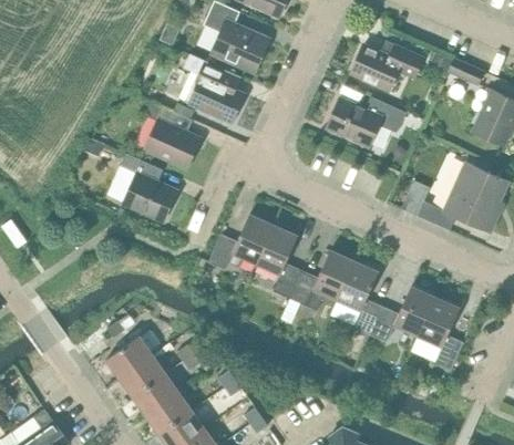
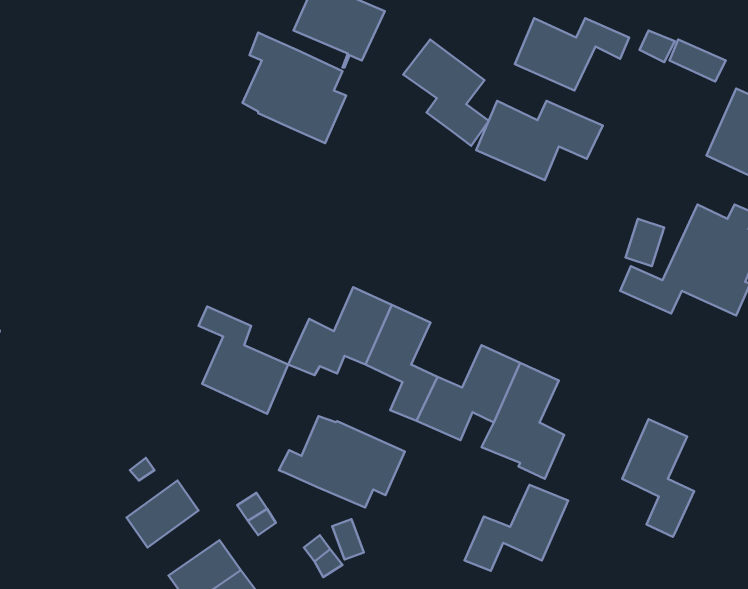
building: none -> [403,39,489,146]
building: [145,103,201,169] -> none
building: [121,155,177,222] -> [199,307,288,414]
building: [370,288,435,342] -> [464,485,568,571]
building: none -> [279,416,405,508]
building: [120,355,165,396] -> none

